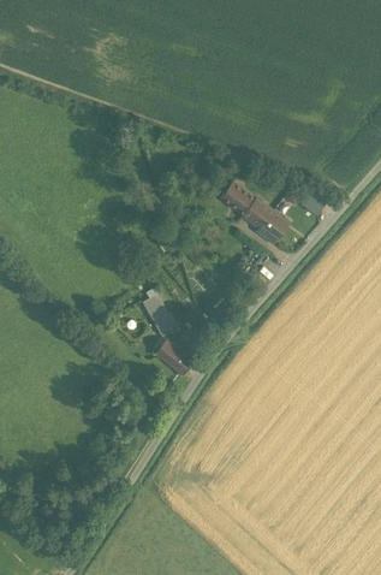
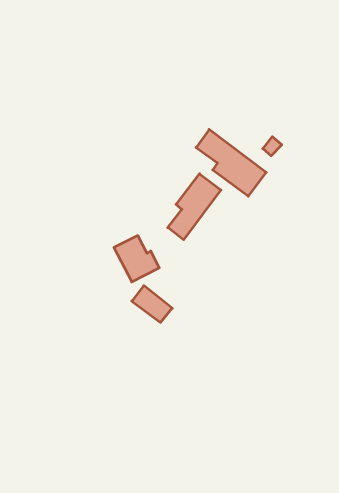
building: none -> [168,174,221,240]

